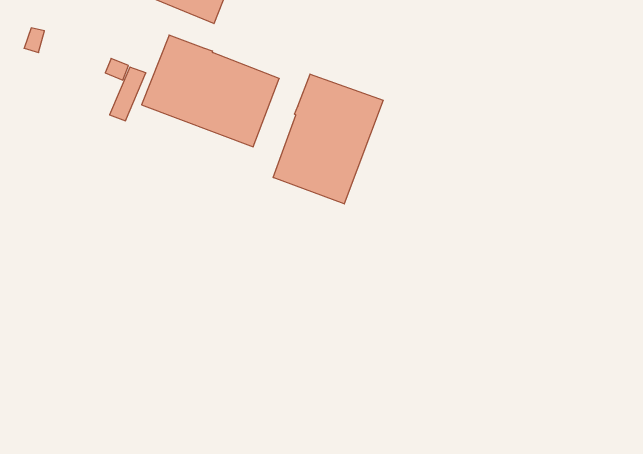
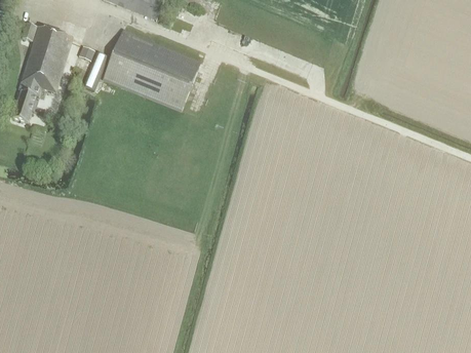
building: none -> [12,27,71,121]
building: [273,74,383,204] -> none

